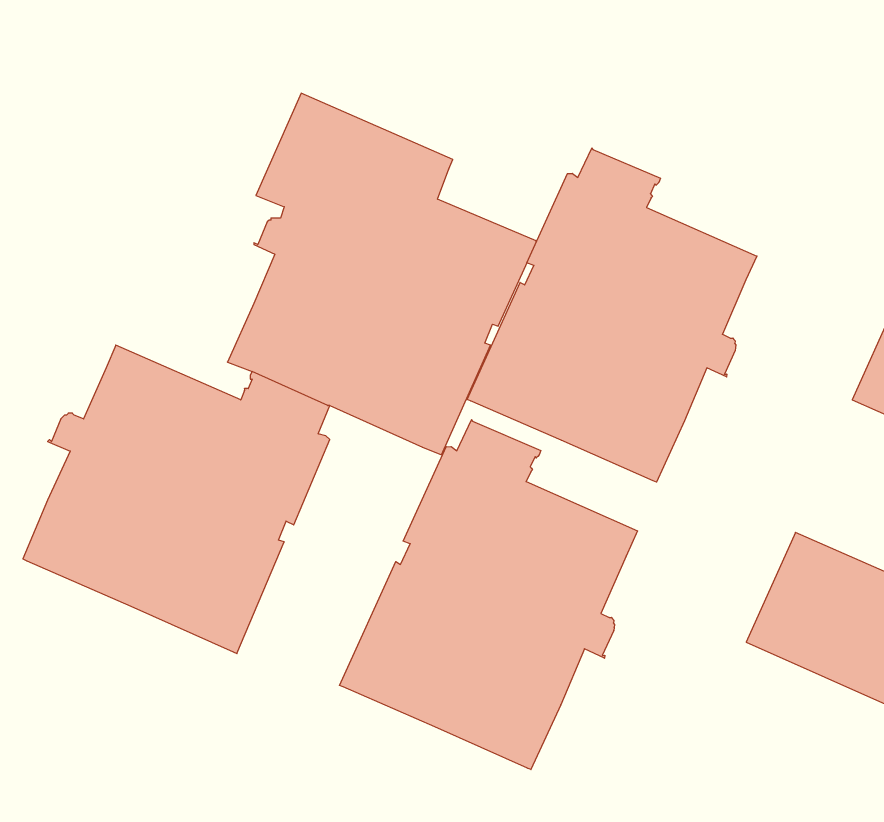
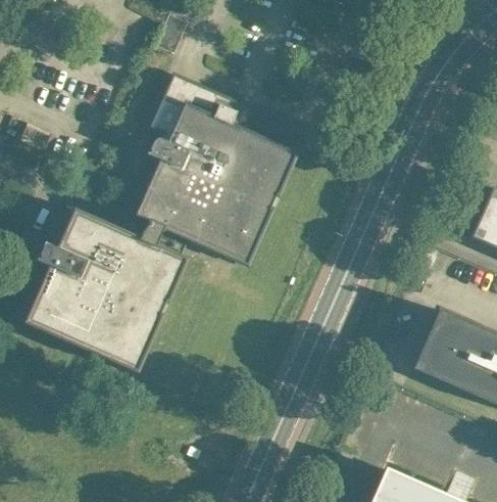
building: [467,148,757,482] -> none
building: [339,420,638,770] -> none

